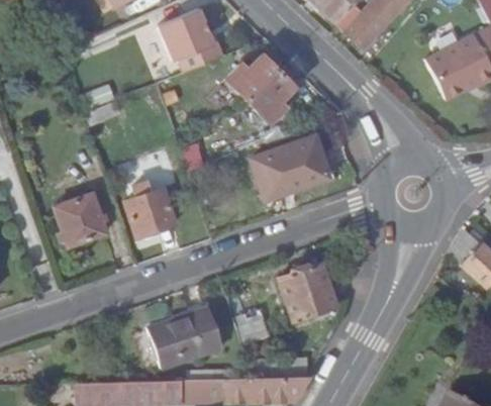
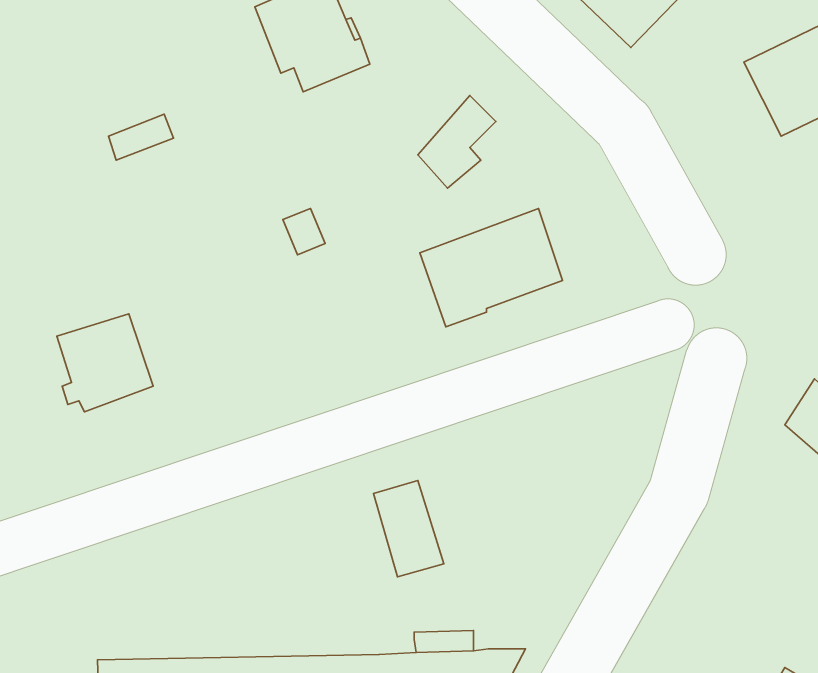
building: [226,57,278,107] -> none
building: [124,182,174,236] -> none
building: [279,263,335,320] -> none
building: [155,304,229,367] -> none

